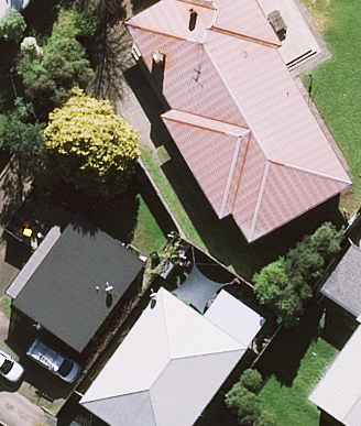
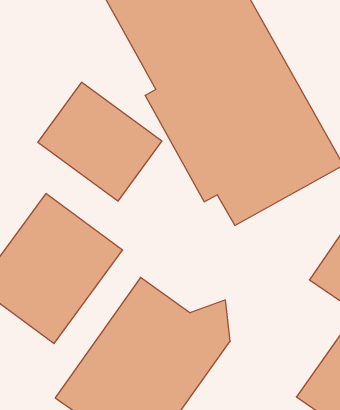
building: none -> [38,82,162,201]

